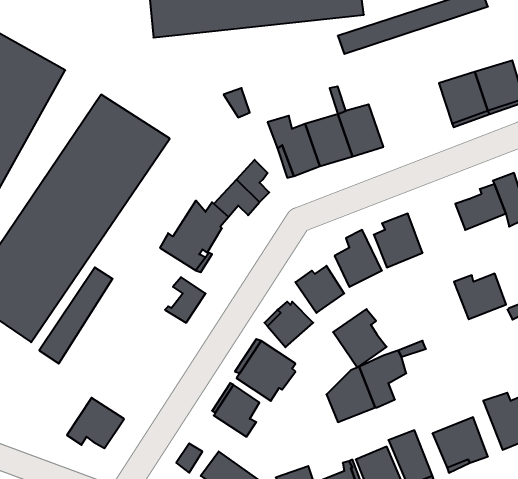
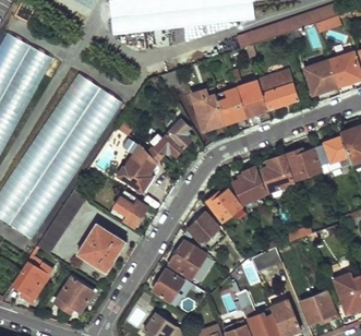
building: none -> [256,70,297,109]
building: [454,274,506,319] -> [286,148,321,179]
building: [333,309,387,367] -> none
building: none -> [77,224,125,272]
building: none -> [16,255,51,298]

